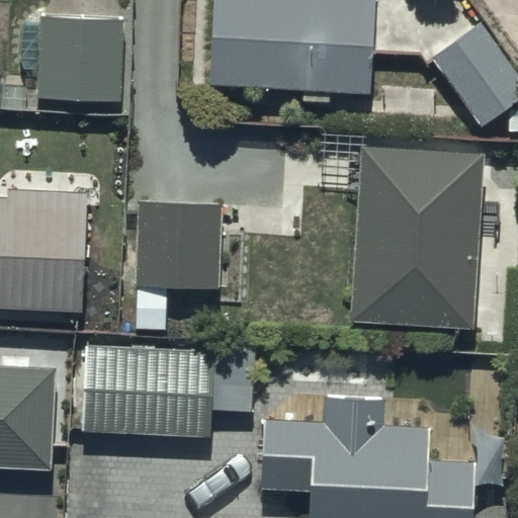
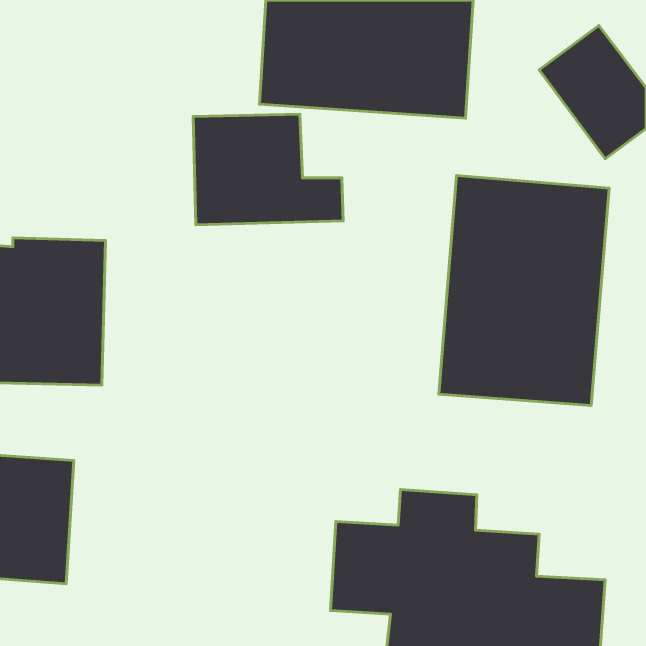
building: [38,18,123,99] -> none
building: [137,200,256,288] -> [193,114,343,225]
building: [80,341,260,441] -> none

